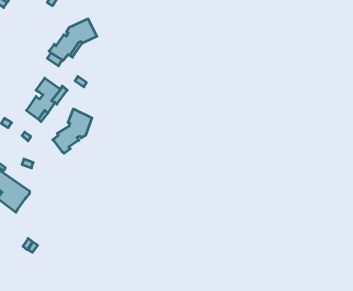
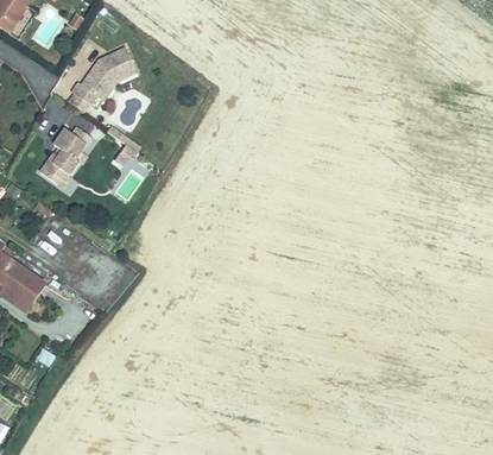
building: [53,109,92,153] -> none

